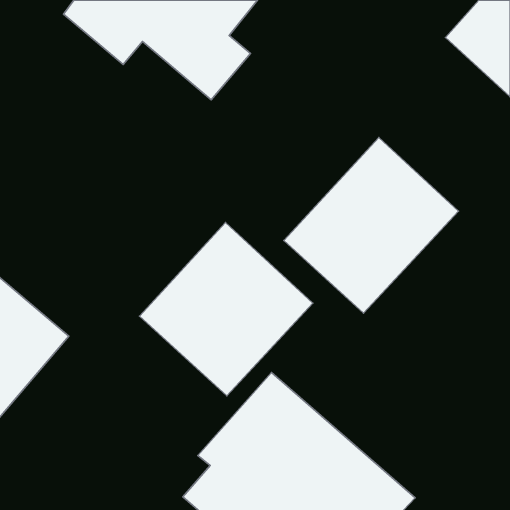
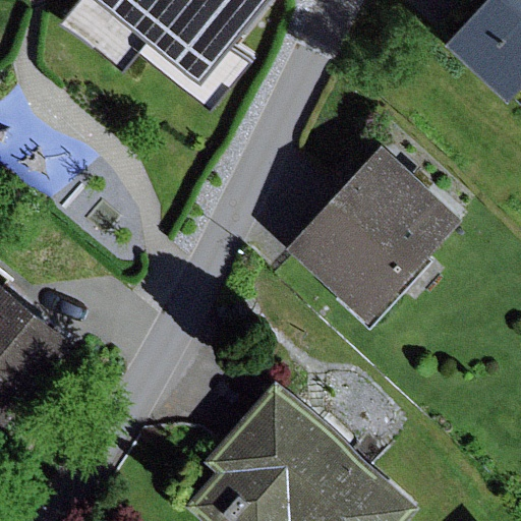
building: [139,223,313,396] -> none

